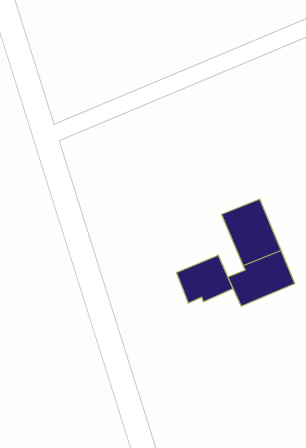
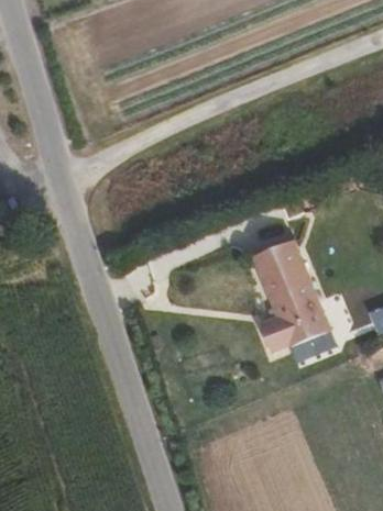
building: [176,255,233,303] -> none

